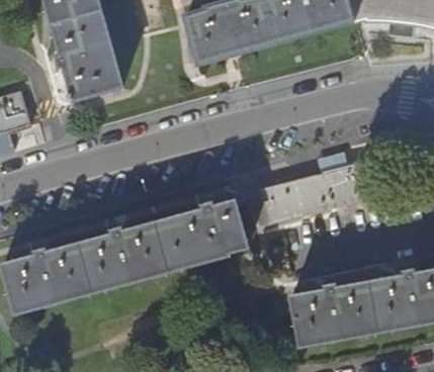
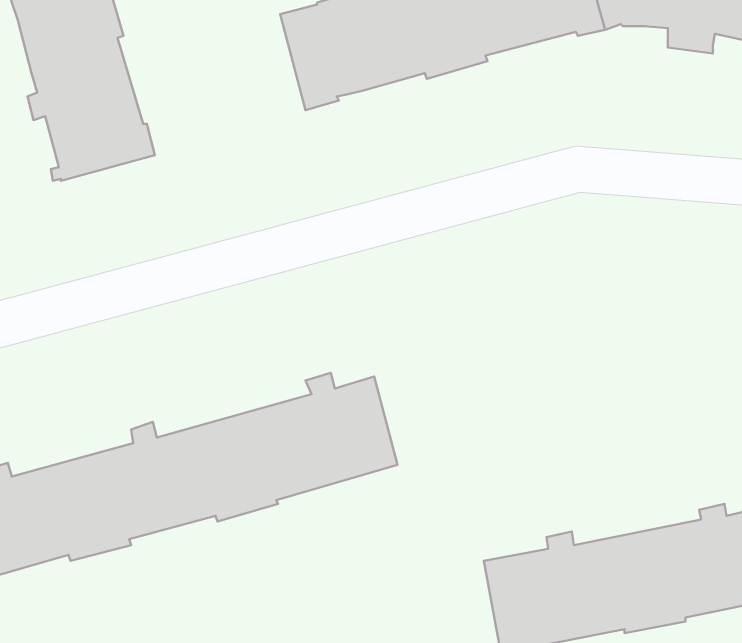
building: [258,159,382,223] -> none

